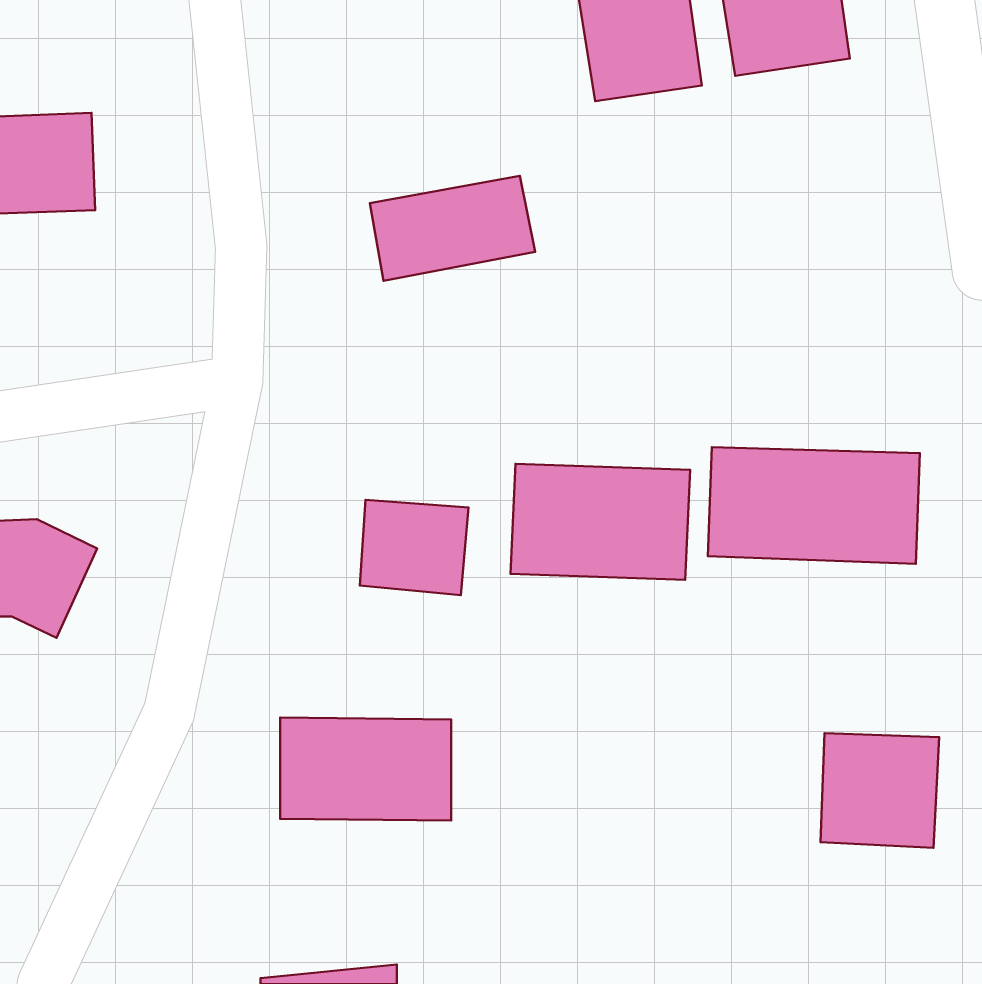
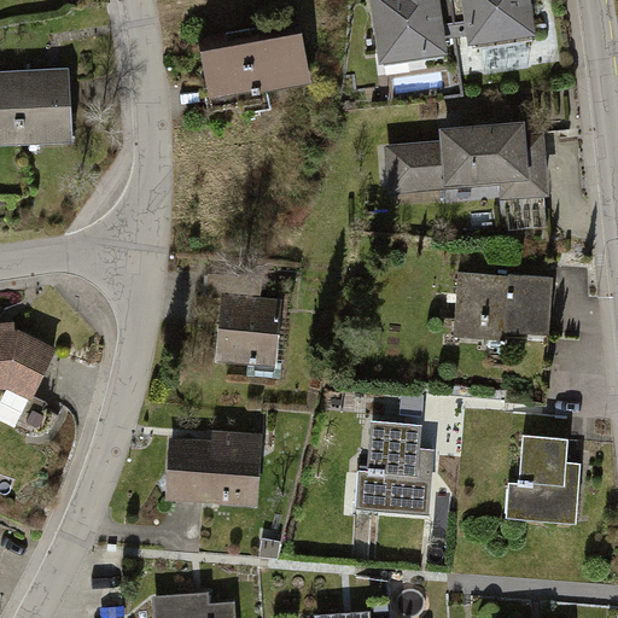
building: none -> [371,109,538,190]
building: [370,176,535,281] -> [198,24,301,89]
building: [510,464,690,580] -> none
building: none -> [365,438,438,514]

